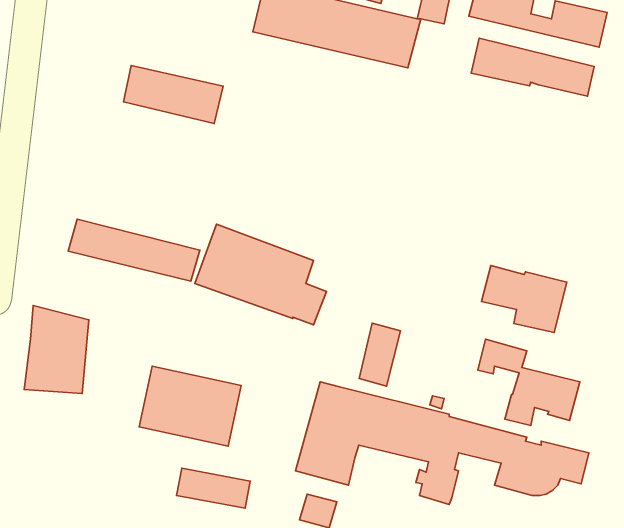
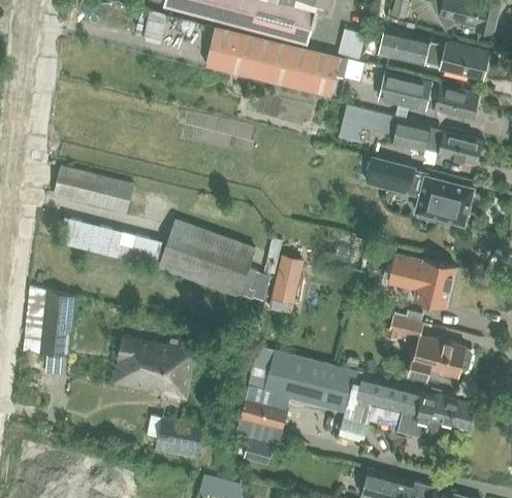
building: [124,66,223,124] -> [54,167,133,213]
building: none -> [344,107,482,165]
building: none -> [366,158,474,226]
building: [359,323,401,386] -> [270,255,303,305]

